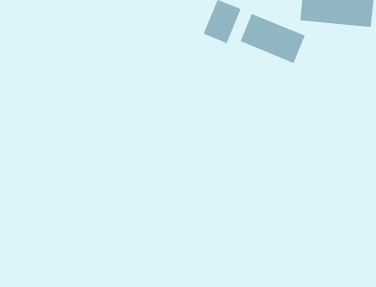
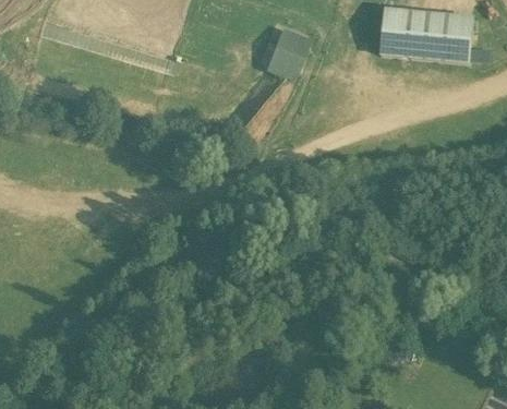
building: [240,13,306,64] -> none

